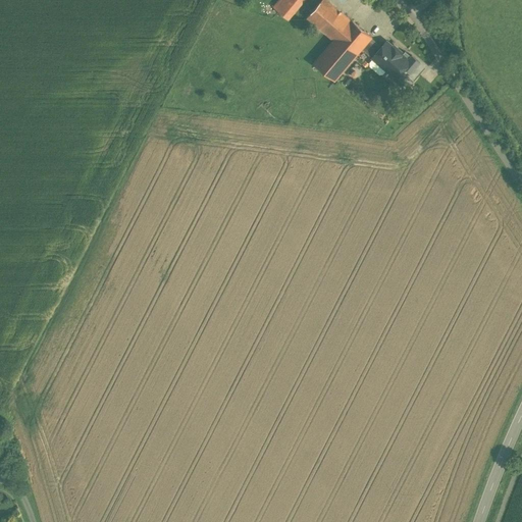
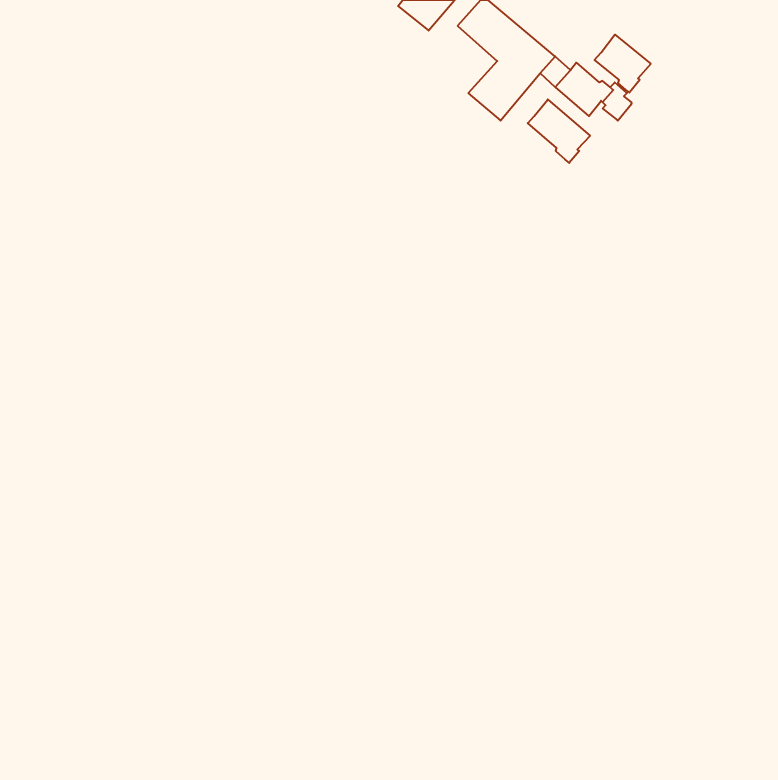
building: none -> [595,35,651,93]
building: none -> [528,99,590,163]

